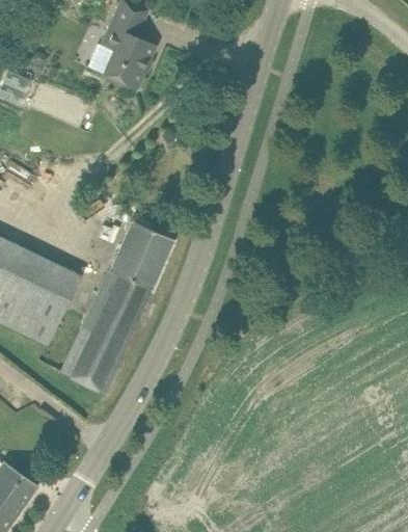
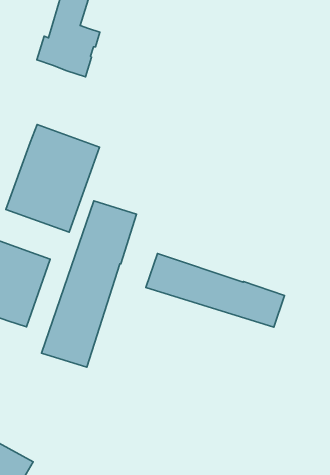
building: none -> [6,124,99,232]
building: none -> [146,253,285,327]

